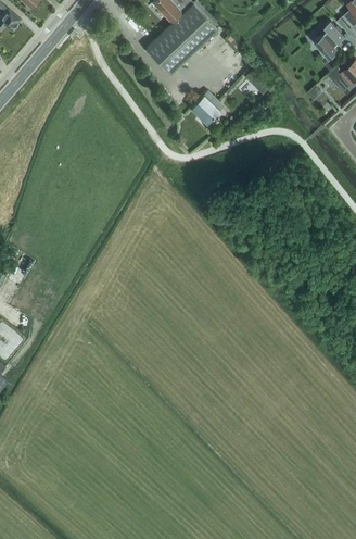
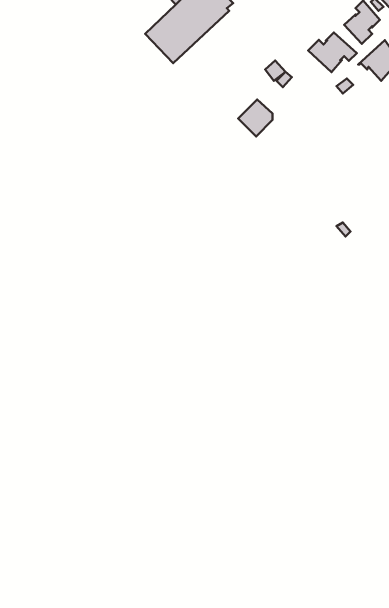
building: none -> [308,33,357,72]
building: [192,91,221,123] -> [238,99,273,136]

